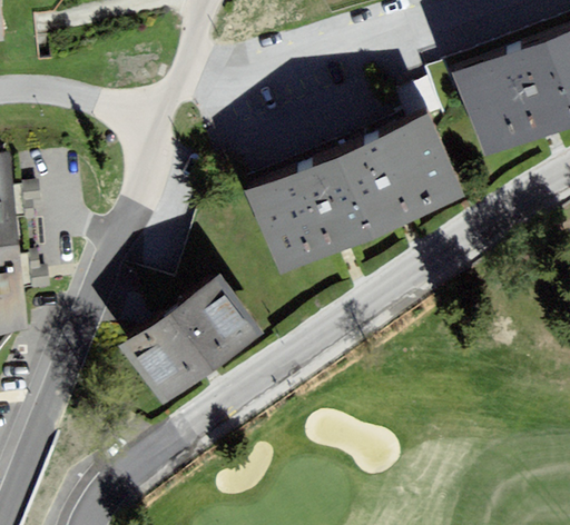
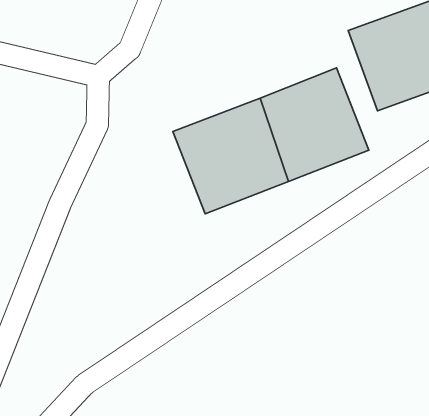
building: [115,274,264,412] -> none

